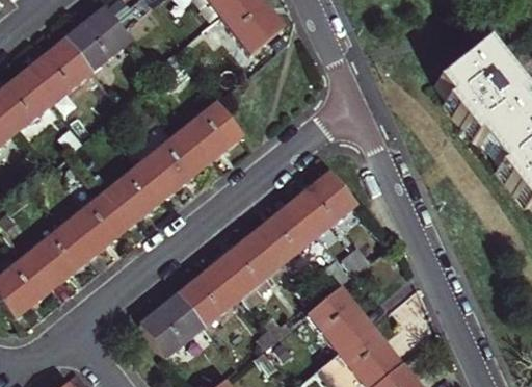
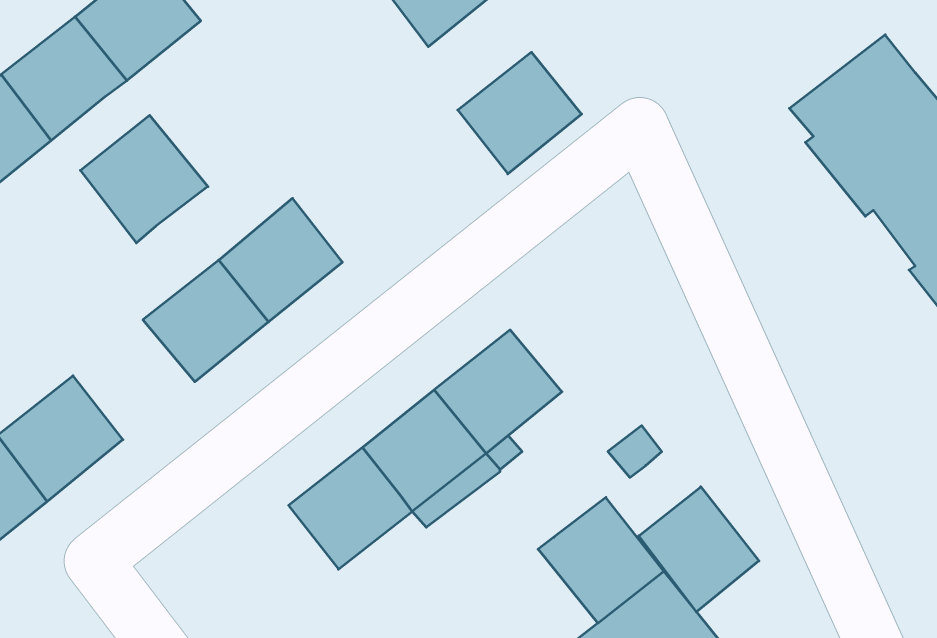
building: none -> [80,115,208,243]
building: [180,101,244,164] -> [458,52,582,174]
building: [293,169,357,232] -> none
building: [65,195,129,257] -> none
building: none -> [639,487,759,612]
building: [139,291,204,356] -> none

